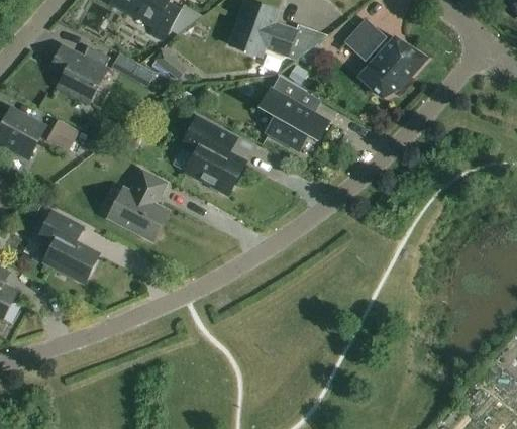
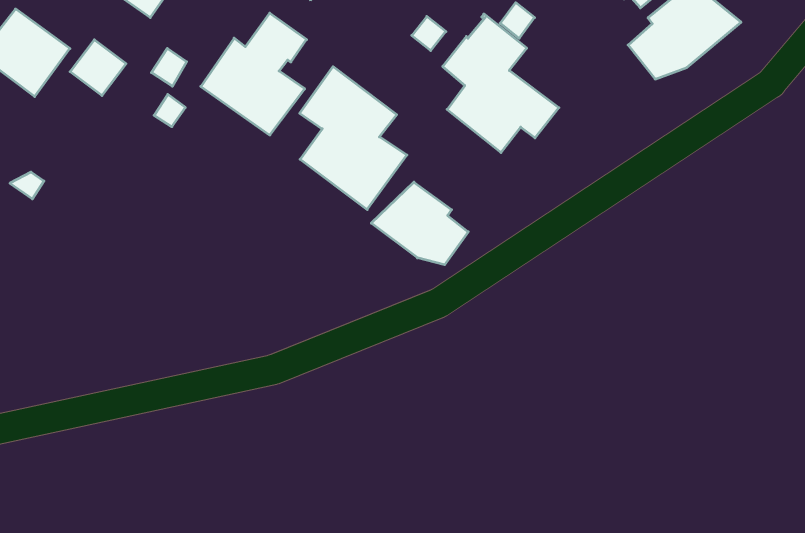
building: [109,170,169,239] -> [201,13,307,135]
building: none -> [371,182,468,265]
building: [39,210,100,282] -> none

